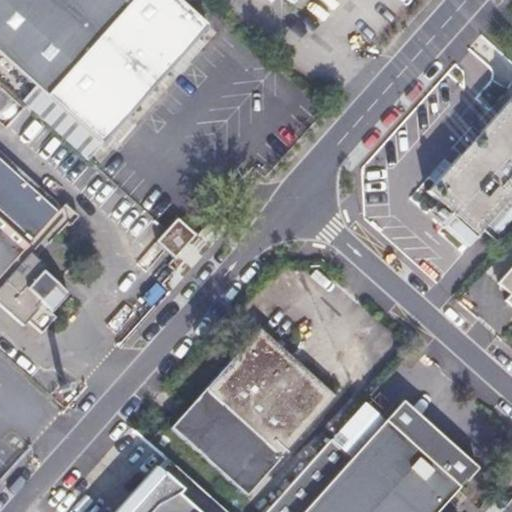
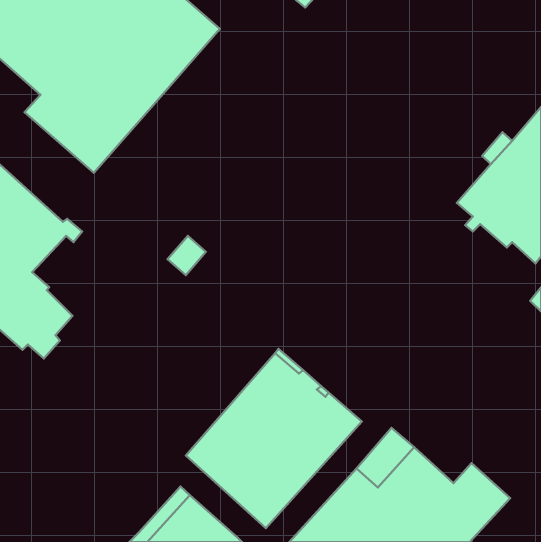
building: [388,401,442,453] -> none

